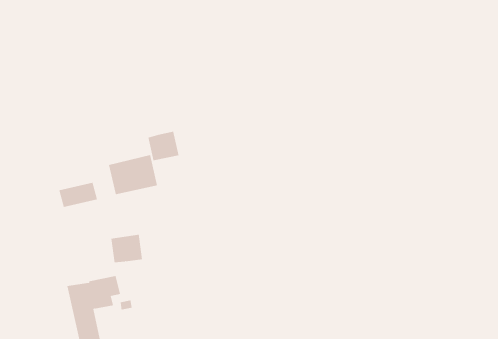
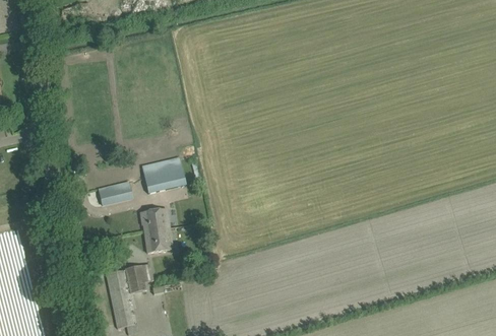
building: [148,131,179,161] -> none
building: none -> [139,206,169,229]

